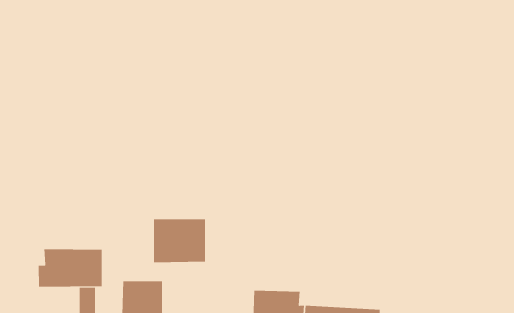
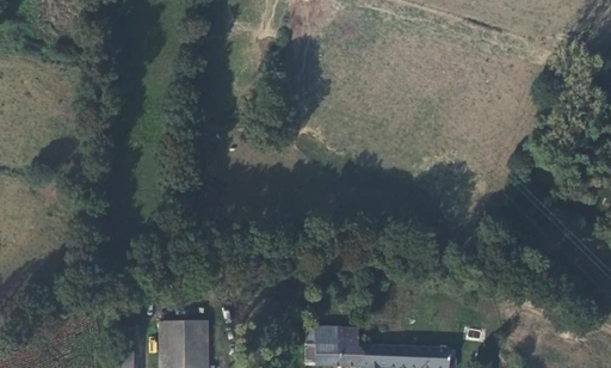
building: [154,219,205,263] -> none
building: [38,249,102,287] -> none

